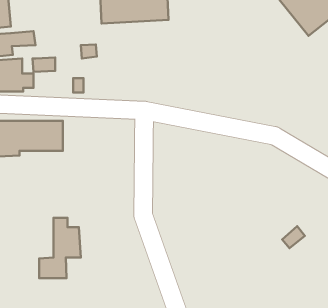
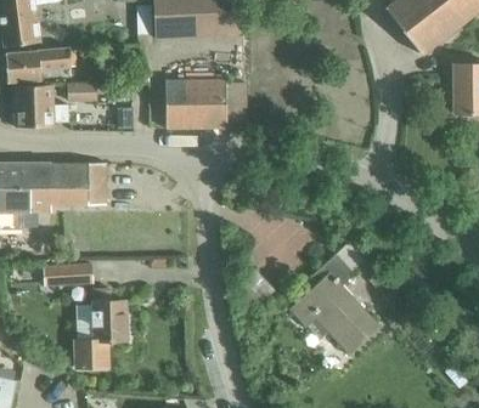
building: none -> [164,79,243,129]
building: none -> [291,254,377,352]
building: none -> [43,262,92,285]

